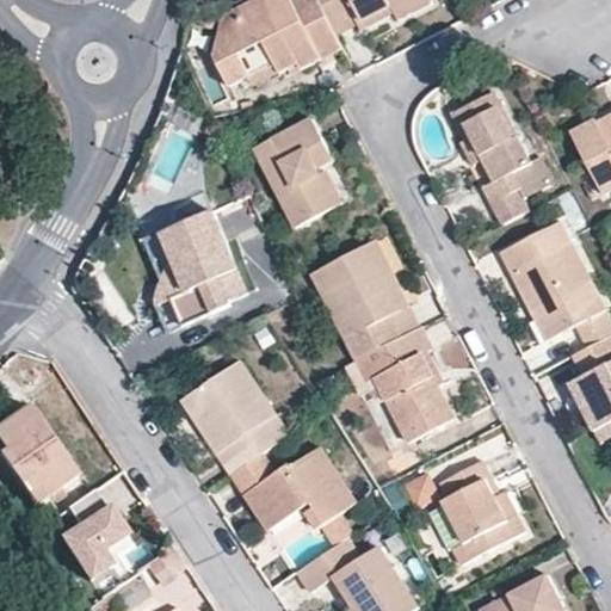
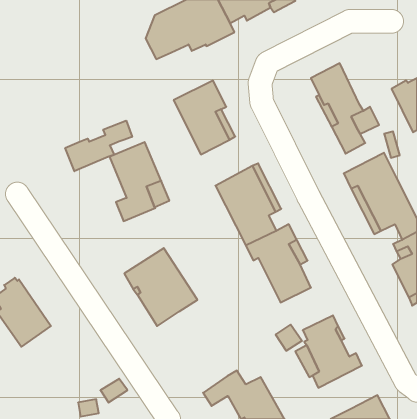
building: none -> [65,121,132,171]
building: [228,448,353,547] -> none
building: [60,488,126,580] -> none

